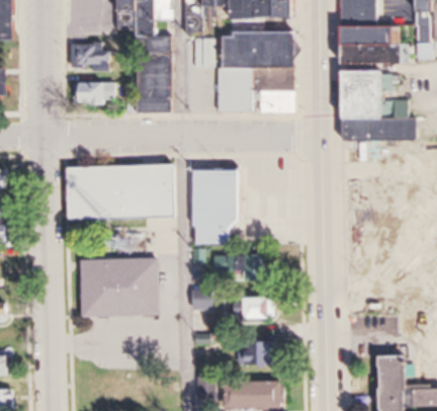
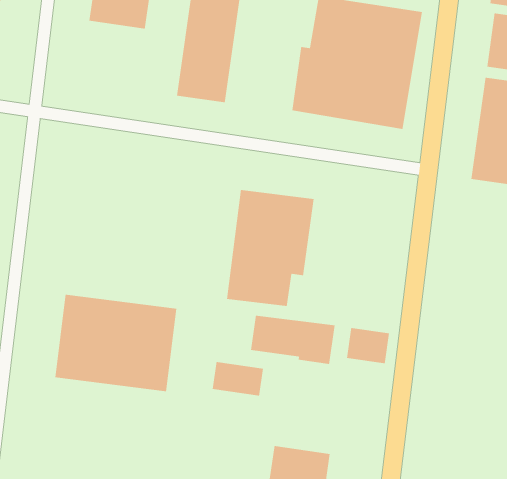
building: [75,82,114,104] -> none
building: [66,165,175,220] -> none
building: [245,297,272,318] -> [346,328,390,364]

